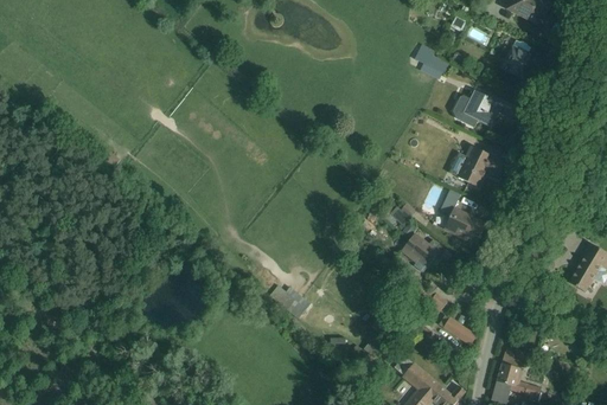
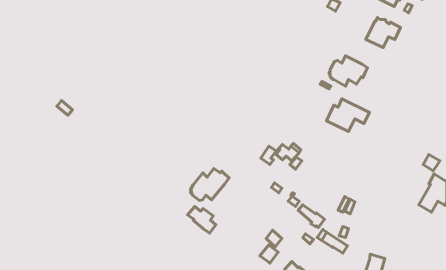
building: [415,44,447,78] -> none
building: [439,189,486,244] -> none
building: [401,232,446,272] -> none
building: none -> [191,169,229,201]

